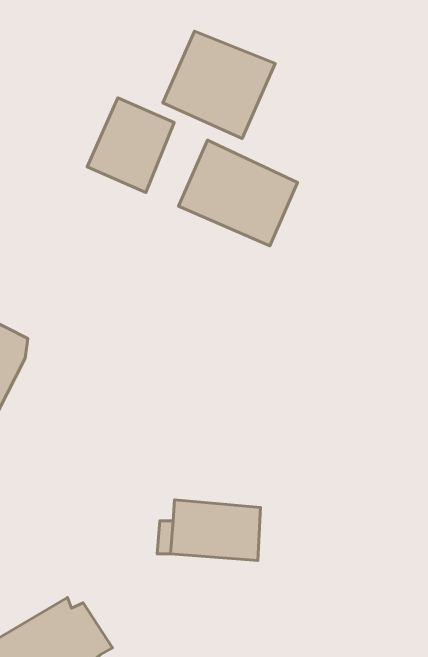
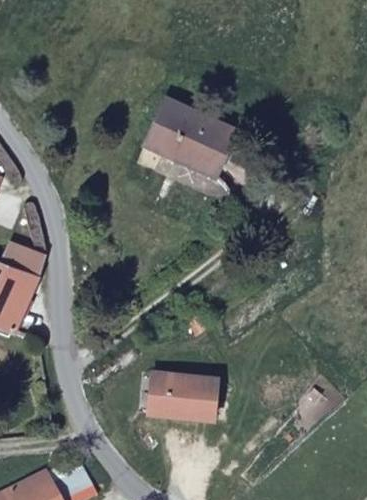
building: [163,31,275,138] -> none
building: [87,98,174,193] -> none

